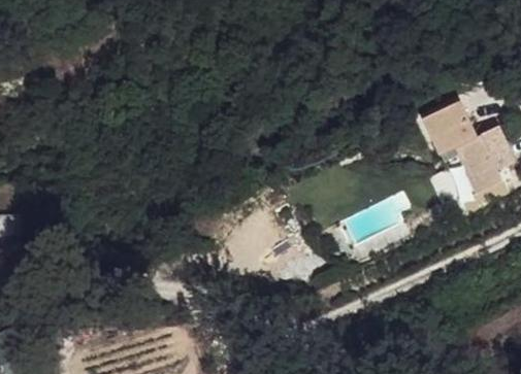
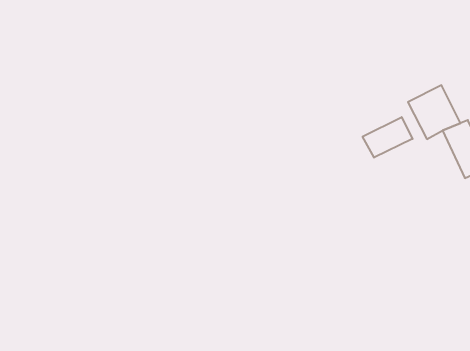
building: none -> [363,117,413,158]

